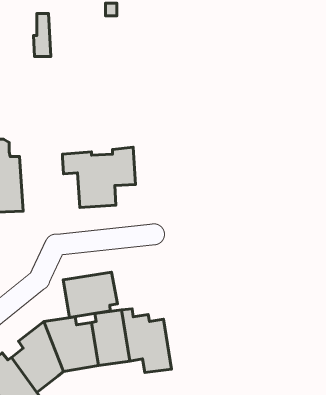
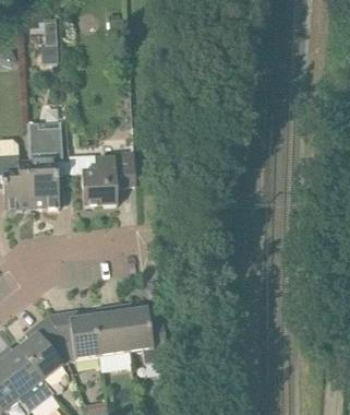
building: none -> [25,121,69,211]
building: [63,272,117,317] -> none

